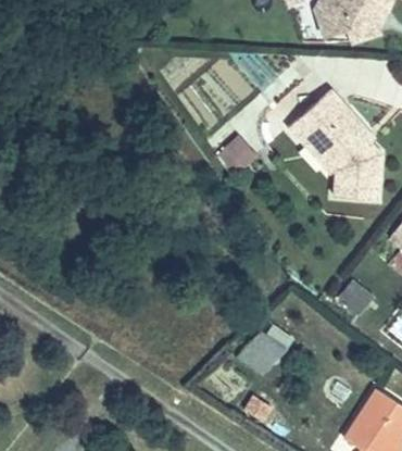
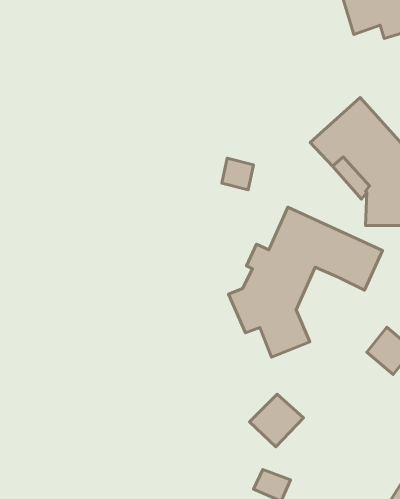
building: none -> [228,207,382,357]

